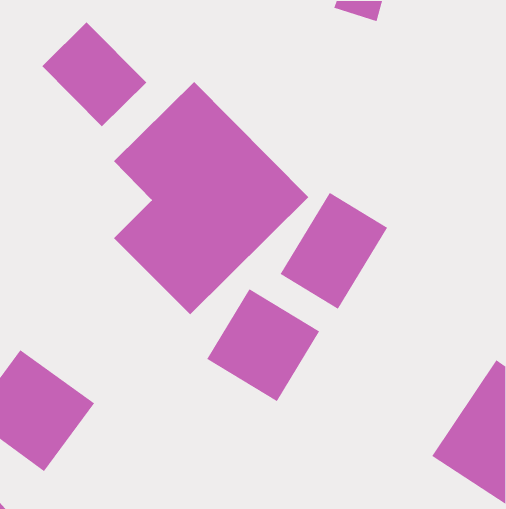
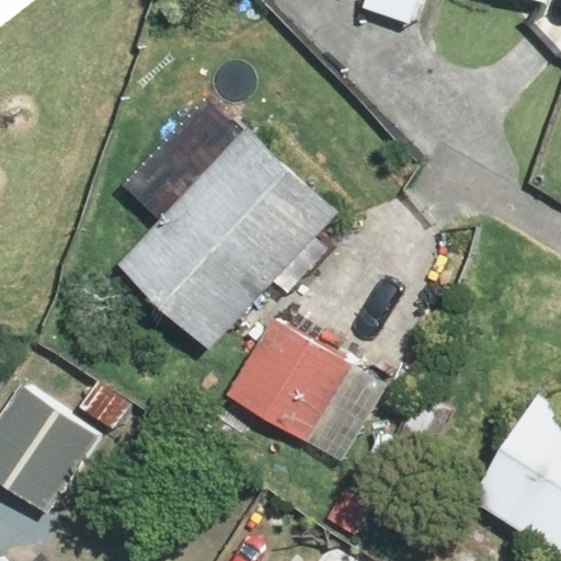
building: [42,22,147,127] -> none
building: [280,192,388,310] -> none

